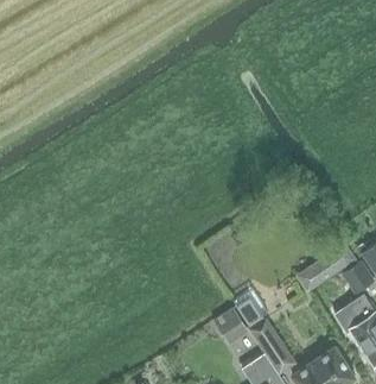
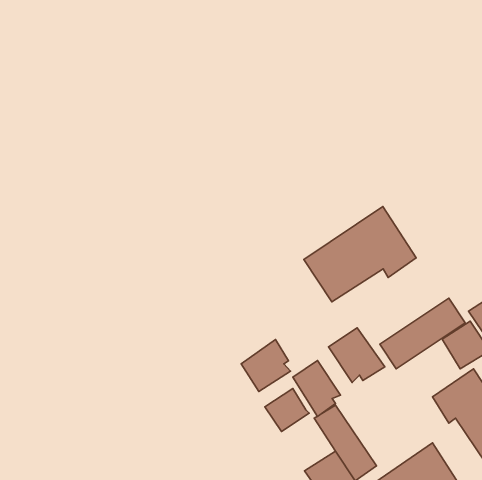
building: none -> [304,207,416,302]
building: none -> [328,328,385,382]
building: none -> [241,340,290,391]

